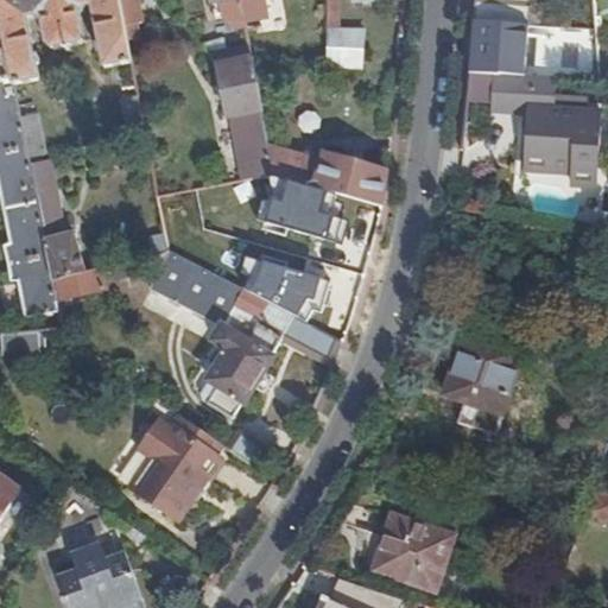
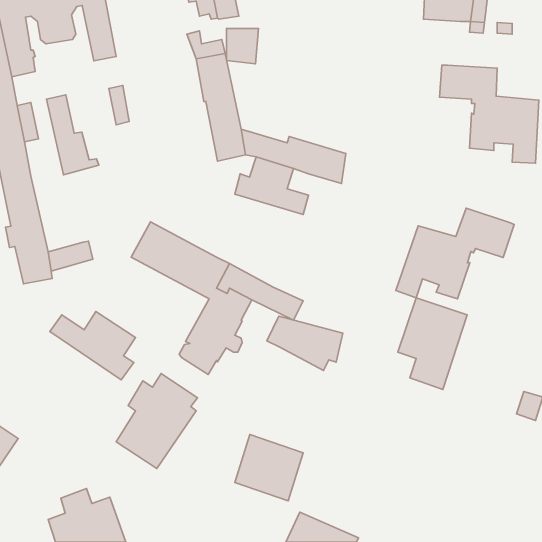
building: [468,21,513,72] -> none
building: [325,28,361,68] -> [227,28,259,64]
building: [34,191,93,280] -> [46,95,99,175]
building: none -> [396,208,514,299]
building: [241,259,325,319] -> [267,316,343,371]
building: none -> [50,312,135,380]
building: [375,515,451,589] -> [235,435,303,501]

